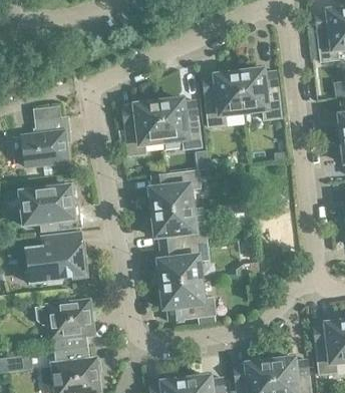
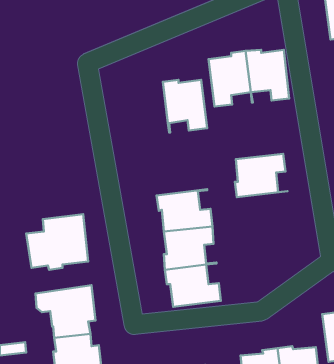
building: [122,101,163,154] -> none
building: [22,105,69,166] -> none
building: [150,169,202,212] -> [235,154,287,197]
building: [19,182,80,231] -> none

